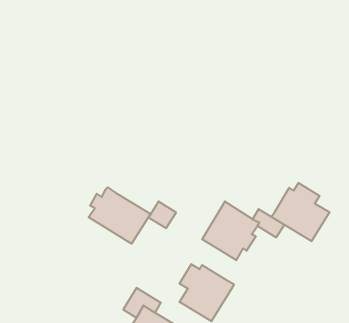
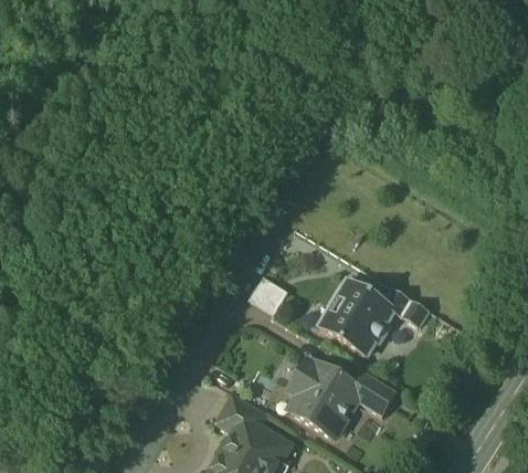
building: [271,183,329,241] -> none
building: [89,187,151,244] -> none
building: none -> [355,370,397,416]

